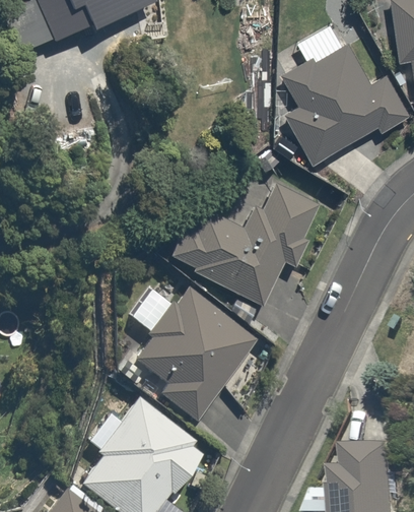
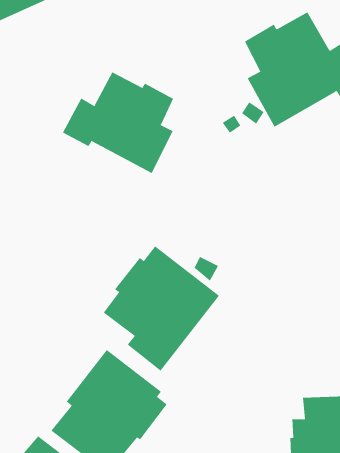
building: none -> [62,72,174,174]
building: [168,183,319,306] -> none

